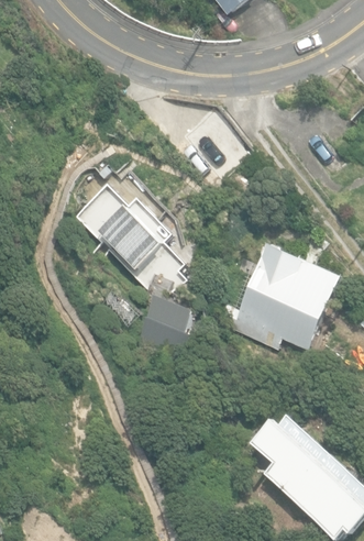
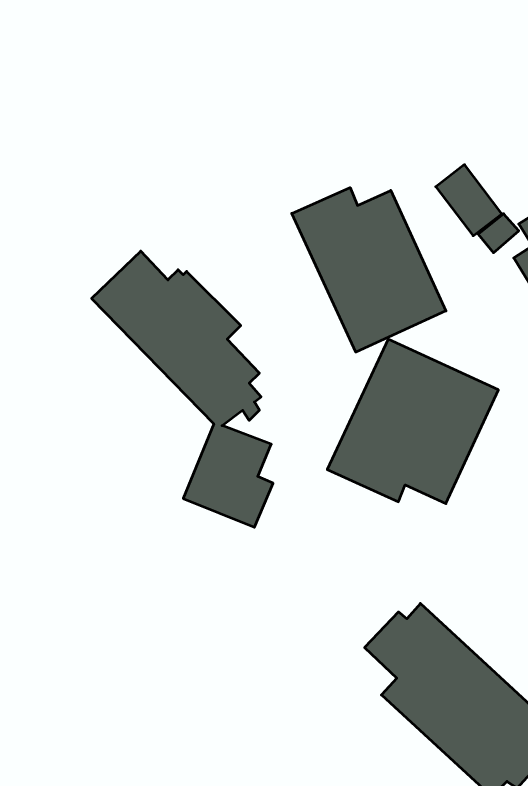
building: none -> [292,188,446,352]

